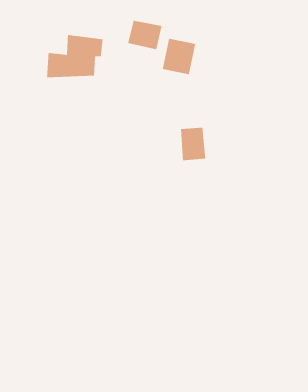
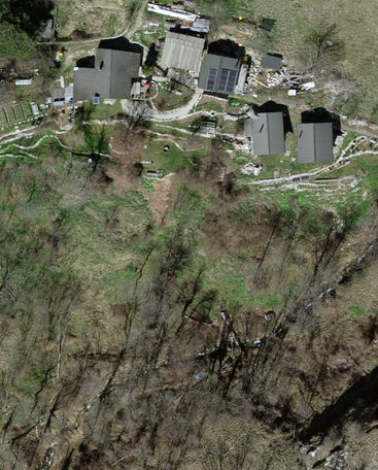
building: none -> [300,125,329,158]
building: [180,127,206,161] -> [254,113,282,150]

